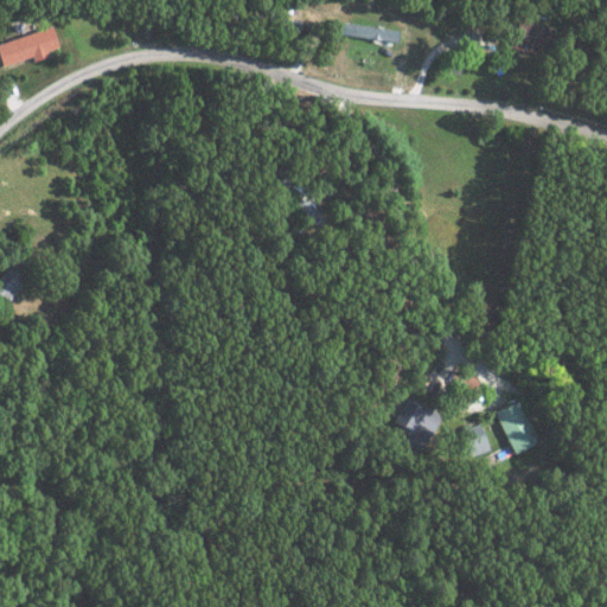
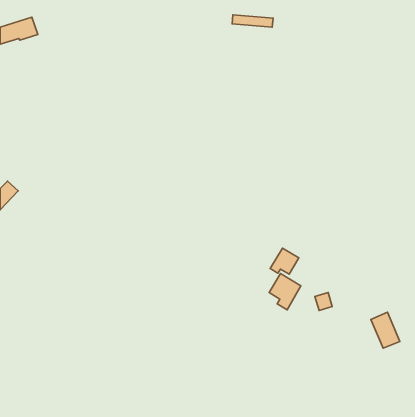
building: none -> [270,248,299,274]
building: [497,402,538,454] -> [371,312,400,348]

